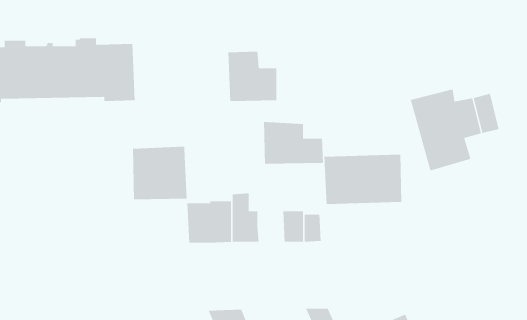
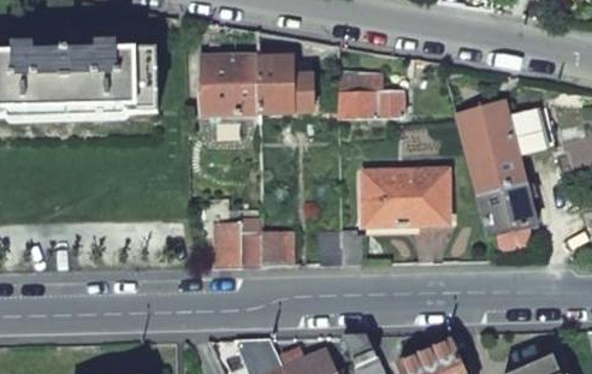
building: [263,121,324,164] -> [338,71,404,118]
building: [132,146,187,200] -> [200,54,260,113]
building: none -> [478,174,535,232]

